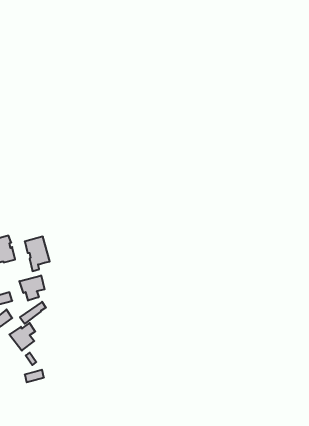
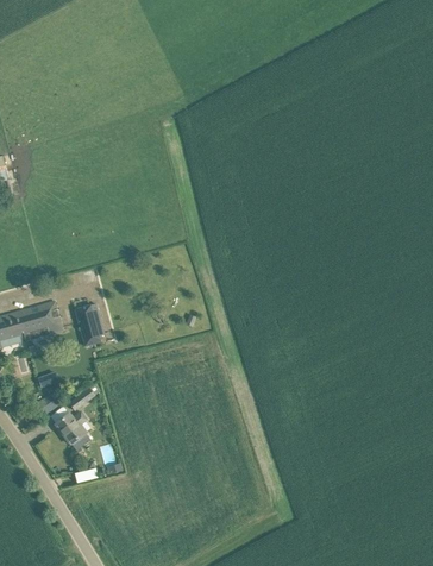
building: [19,275,45,301] -> none

